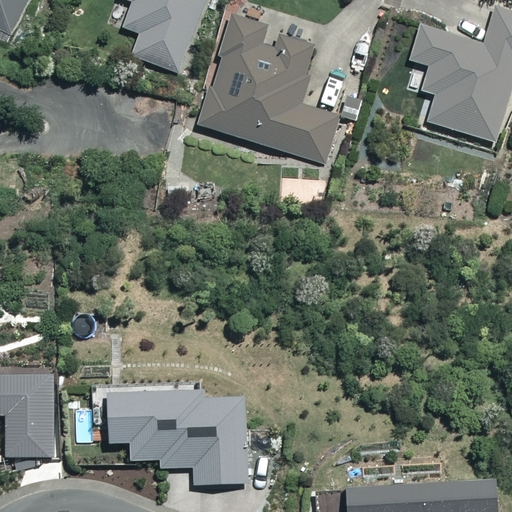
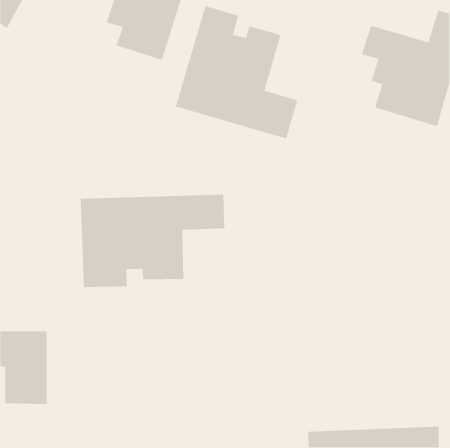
building: none -> [80,194,225,288]
building: [105,390,247,485] -> none

